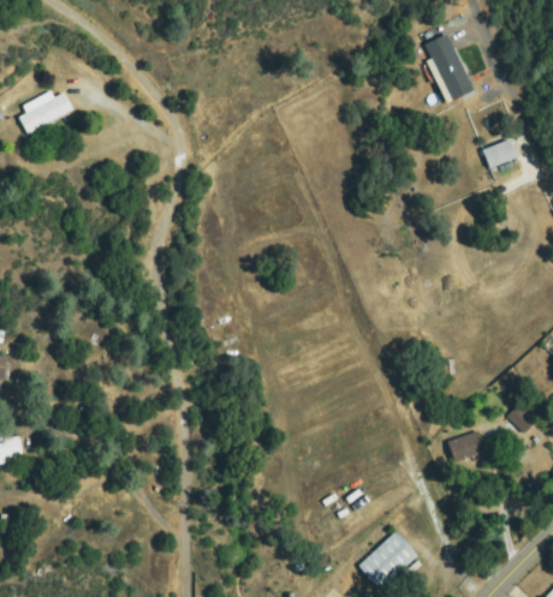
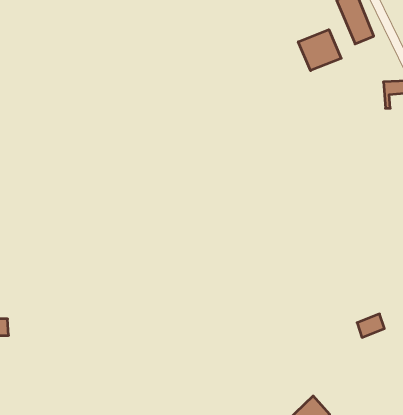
building: none -> [298,30,341,71]
building: [18,92,70,132] -> none

